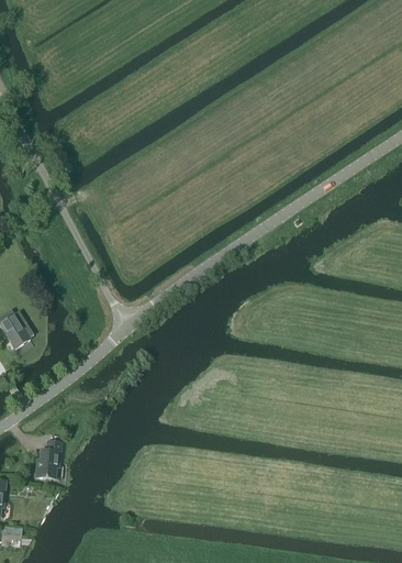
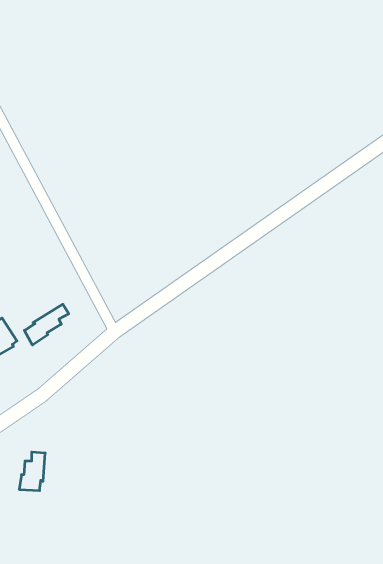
building: none -> [24,304,69,345]

